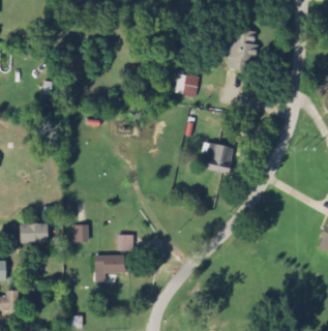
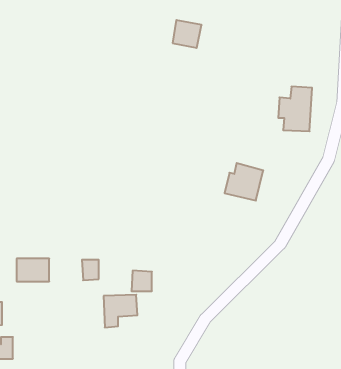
building: [225,29,254,67] -> [278,87,312,131]
building: [177,72,202,96] -> [173,20,202,48]

